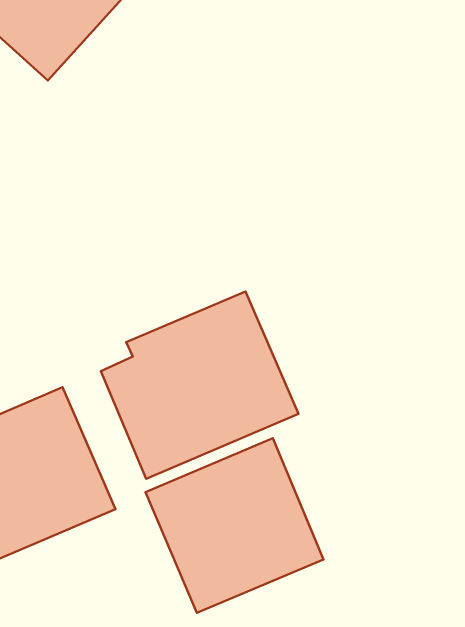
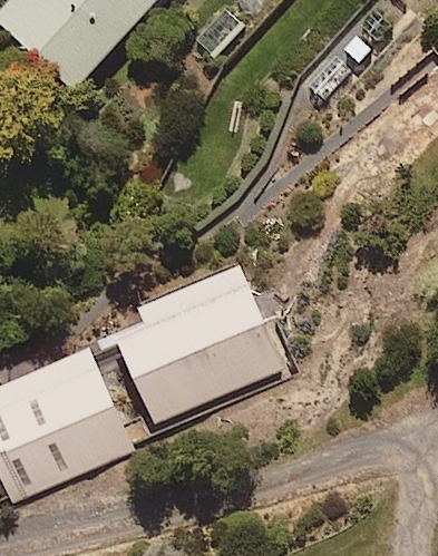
building: [145,438,323,613] -> none

